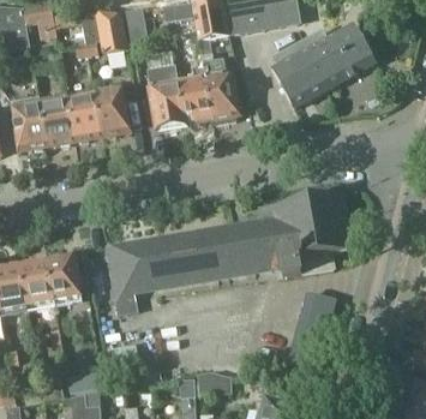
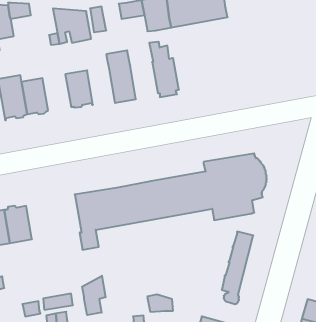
building: [272,23,374,107] -> none
building: [176,78,211,125] -> none
building: [66,94,102,140] -> none
building: [46,255,82,301] -> none
building: none -> [82,276,106,315]

